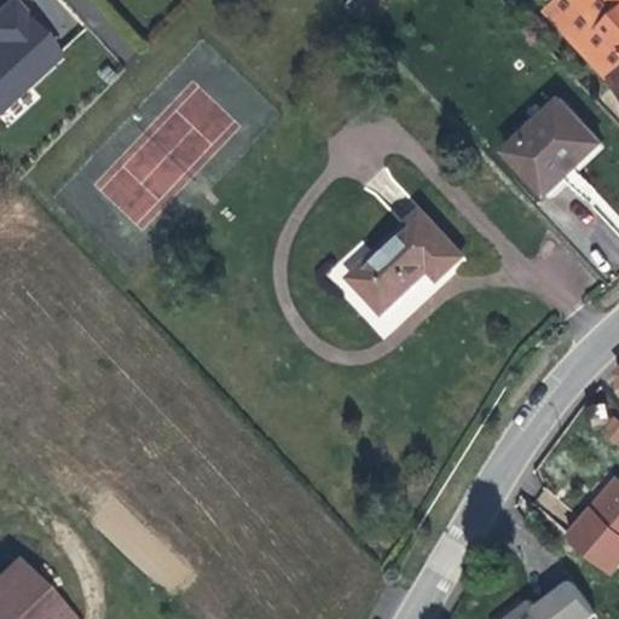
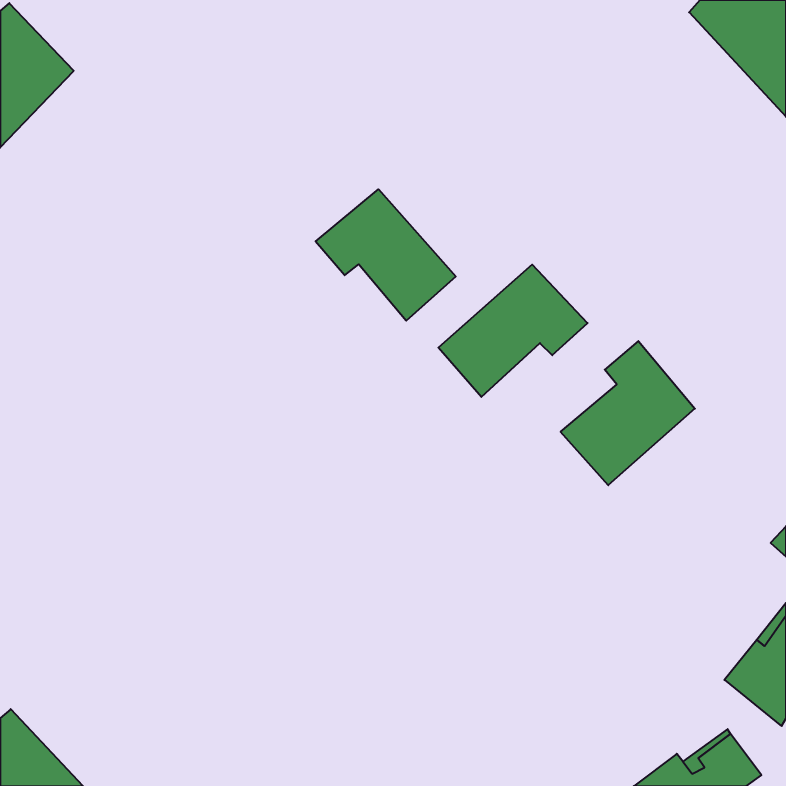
building: [502,98,597,193] -> none
building: none -> [316,189,456,321]
building: none -> [561,341,695,485]

